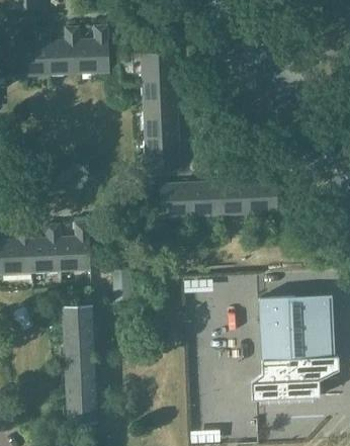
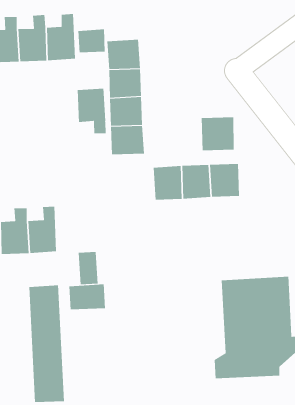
building: none -> [78,29,105,53]
building: none -> [77,88,106,134]
building: none -> [201,117,234,151]
building: [159,183,190,217] -> none
building: none -> [69,284,106,310]

